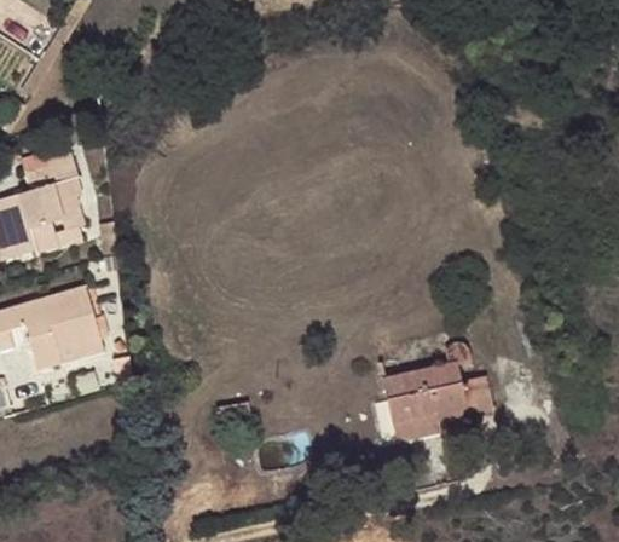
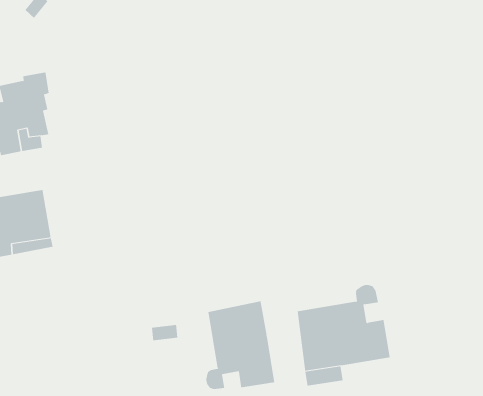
building: none -> [206,300,275,390]

